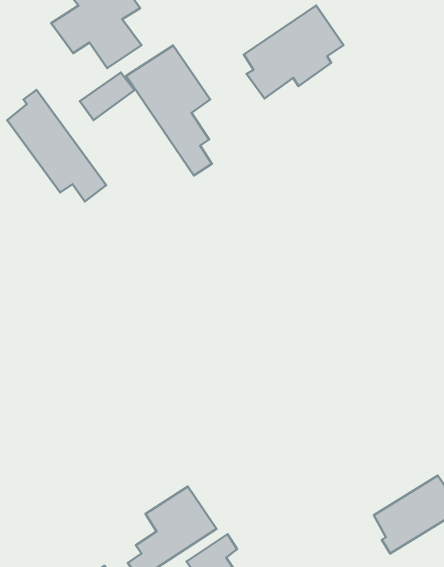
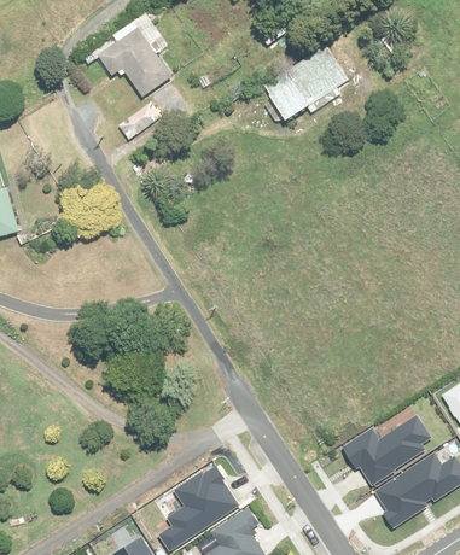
building: [126,45,212,176] -> none
building: [7,90,106,202] -> none
building: none -> [343,417,431,483]

